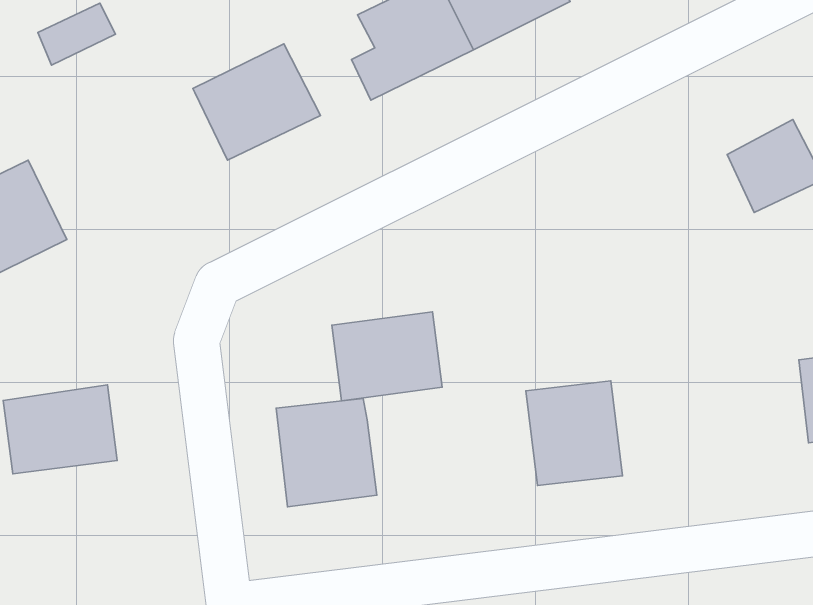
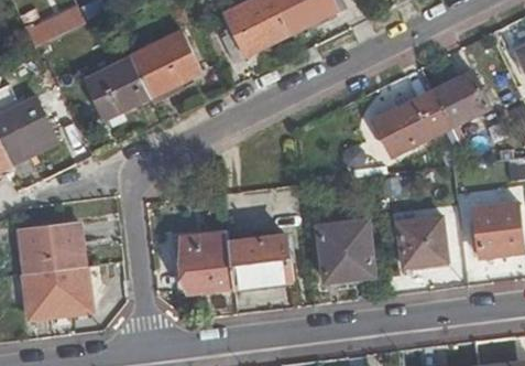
building: none -> [85,57,149,118]
building: none -> [373,93,448,155]
building: [332,312,442,401] -> [228,236,291,287]
building: none -> [396,217,445,267]
building: none -> [24,267,92,319]

